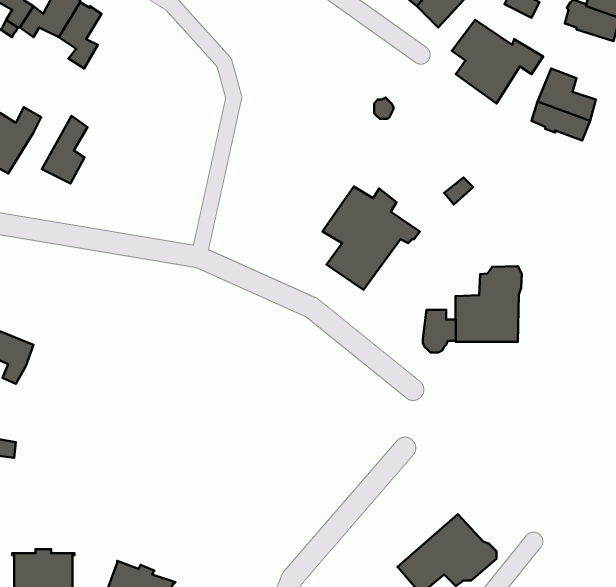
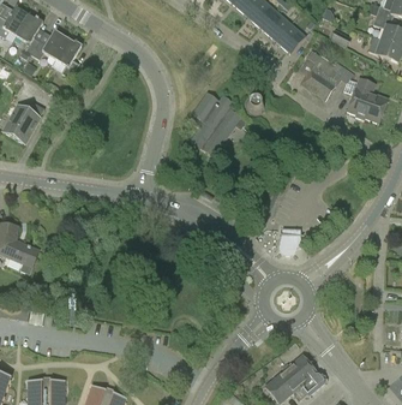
building: [42,116,88,184] -> none
building: [323,187,420,290] -> [187,93,247,156]
building: [456,266,522,342] -> none

